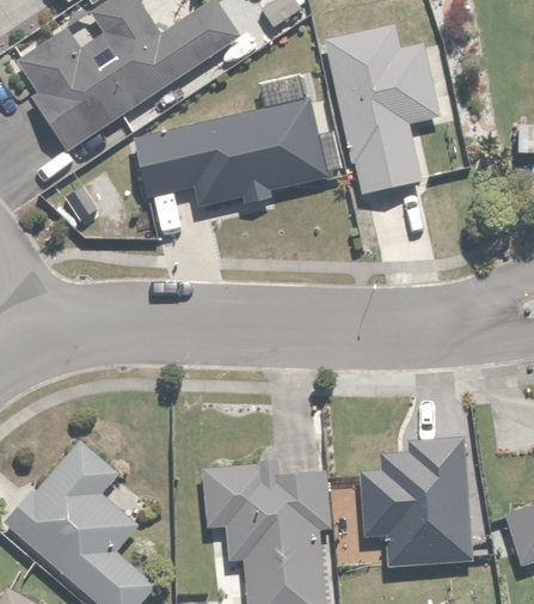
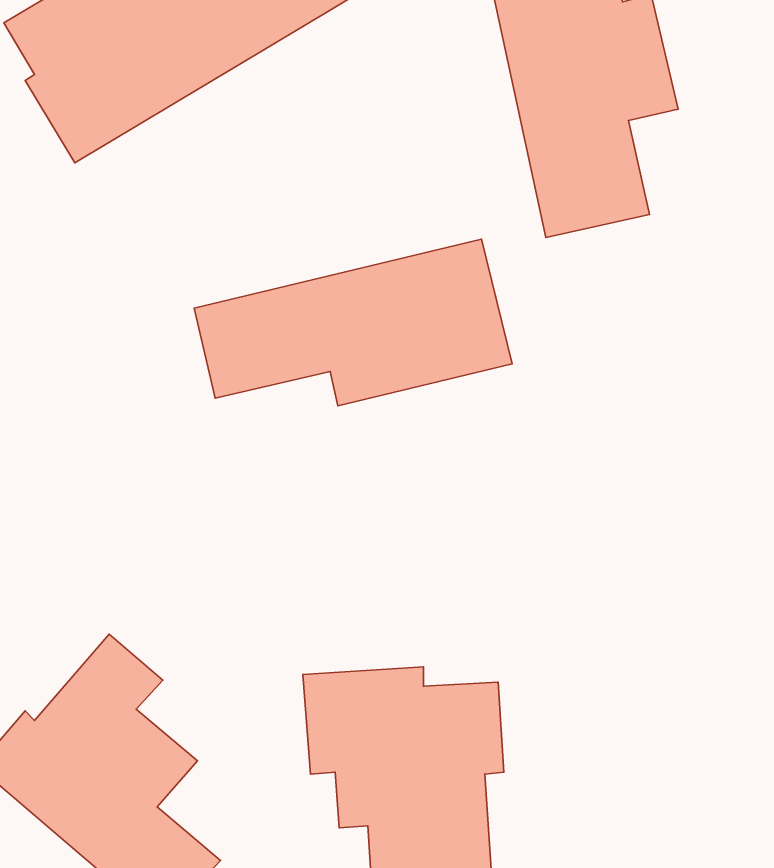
building: [130,96,329,200] -> [194,239,512,406]
building: [360,440,472,569] -> none

